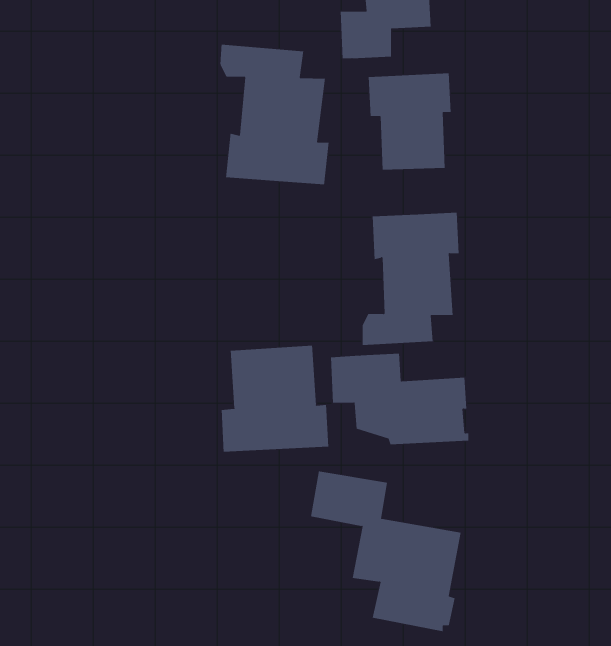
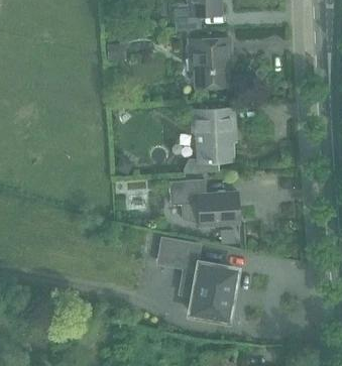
building: [220,44,329,185] -> none
building: [221,345,329,453] -> none

